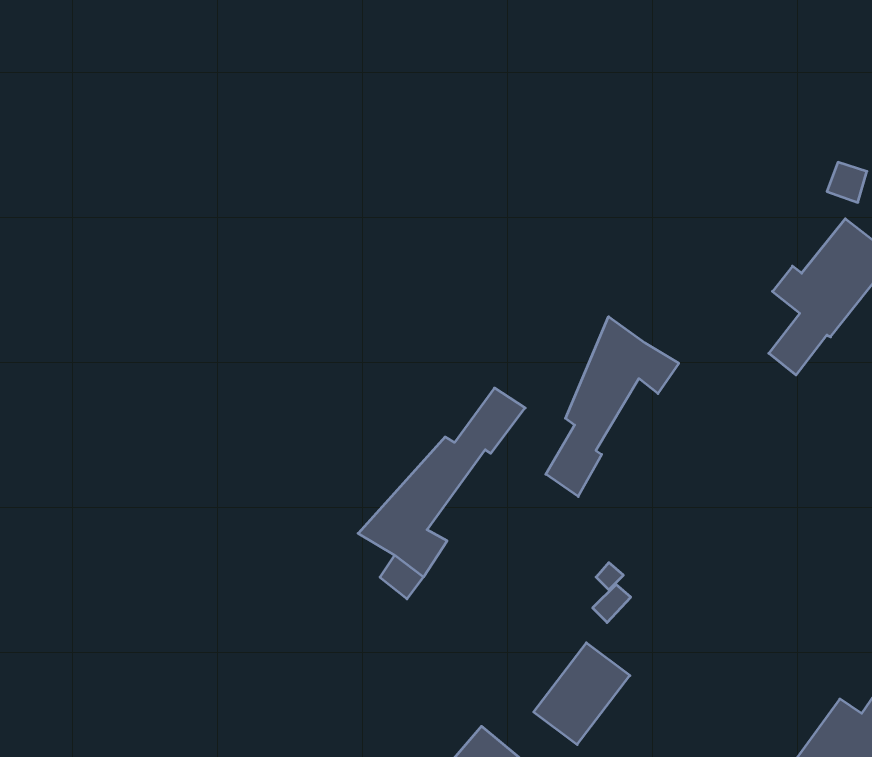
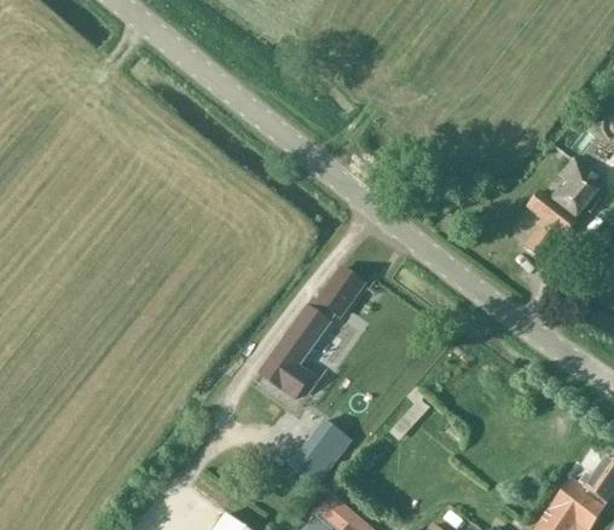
building: [546,317,679,497] -> none
building: [534,643,630,745] -> [288,417,352,485]

